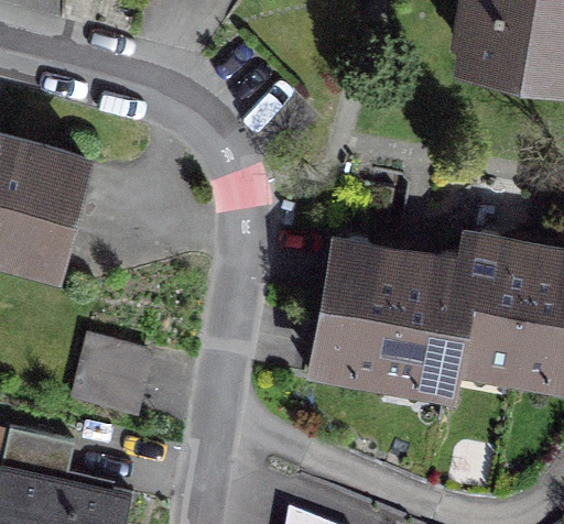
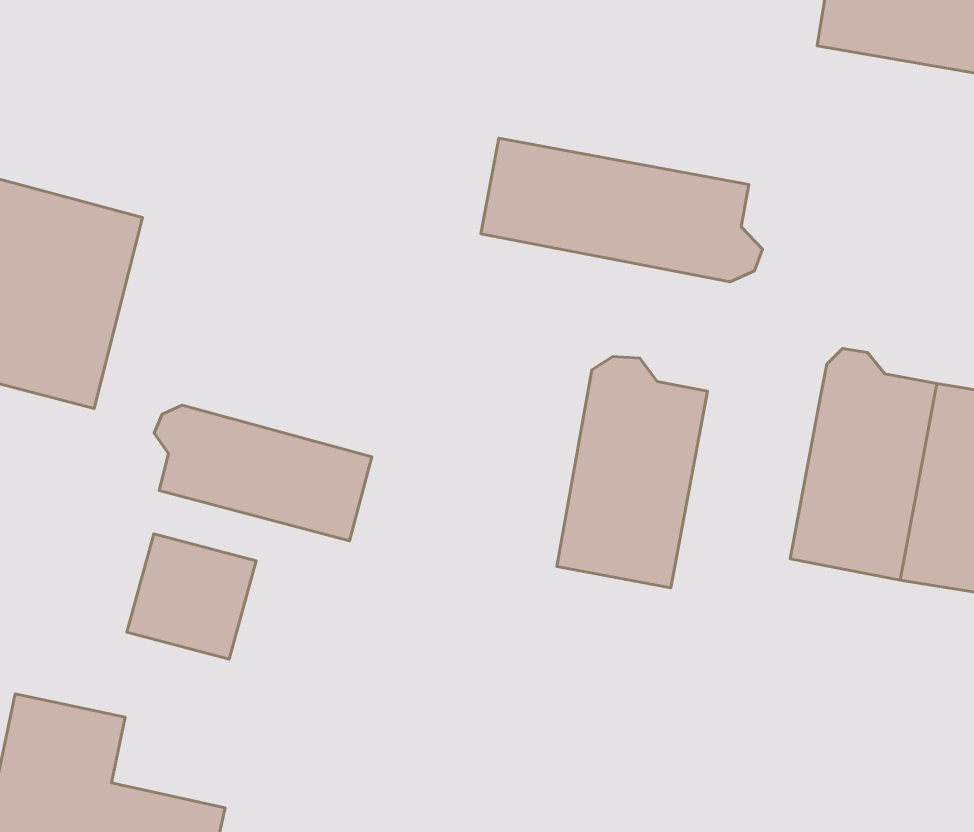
building: none -> [481,138,762,282]
building: [384,255,470,383] -> none
building: none -> [154,405,372,541]

